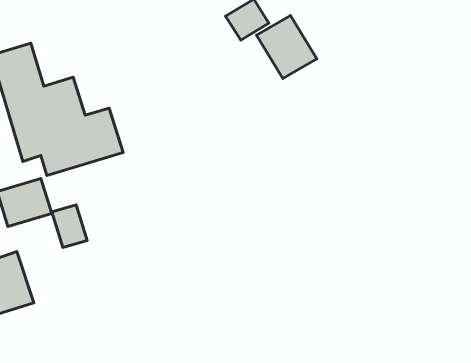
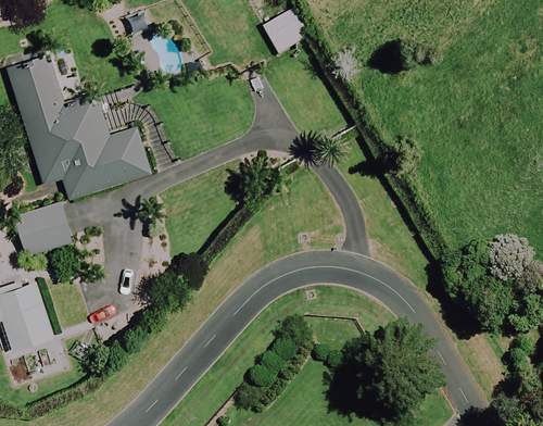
building: [257,16,317,78] -> none
building: [52,205,87,248] -> none

